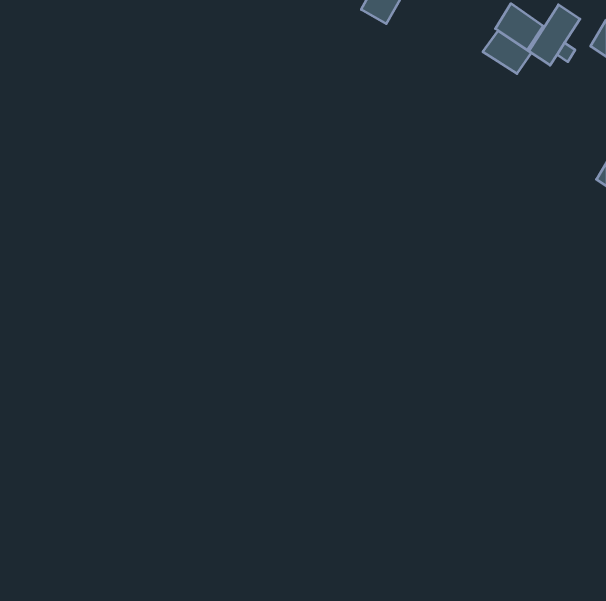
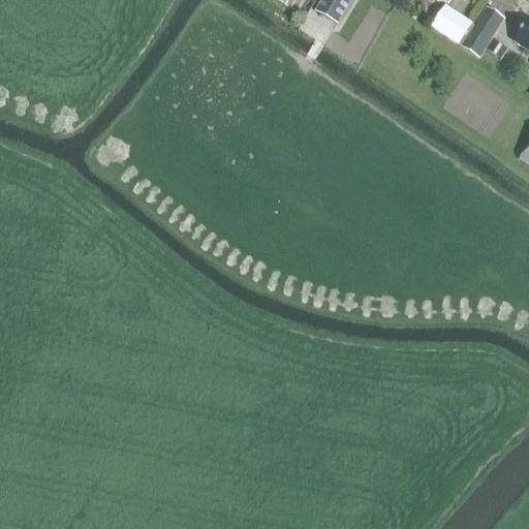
building: [483,31,531,74] -> none

